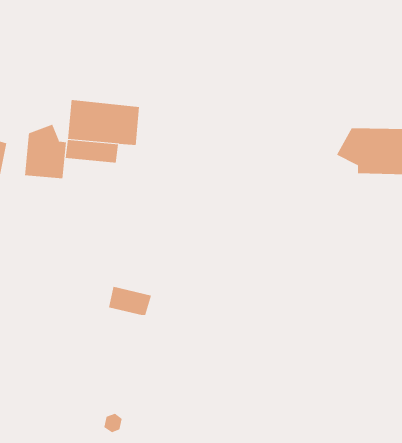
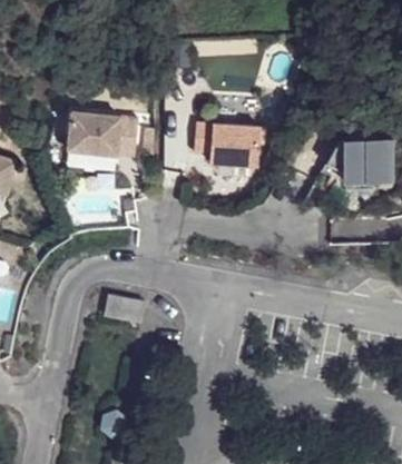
building: none -> [196,124,262,168]
building: [24,124,66,179] -> none

